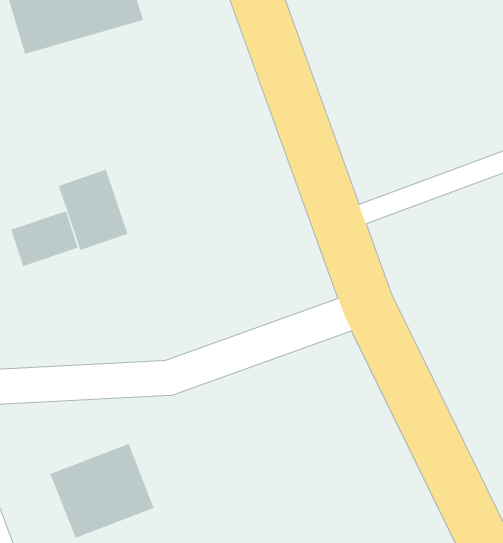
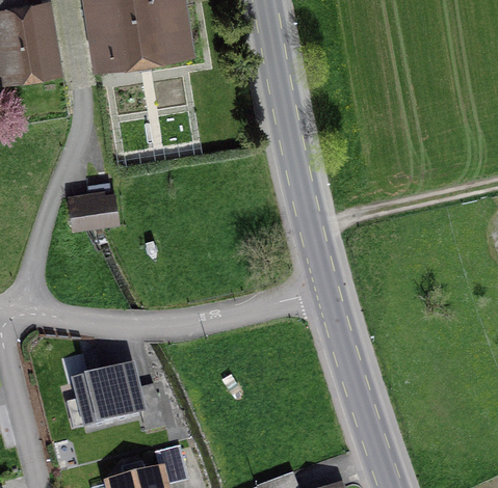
building: [58,169,128,251] -> none

